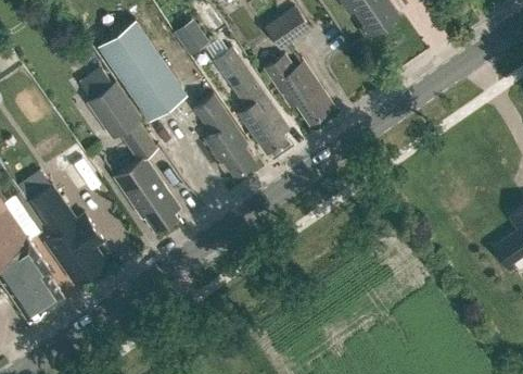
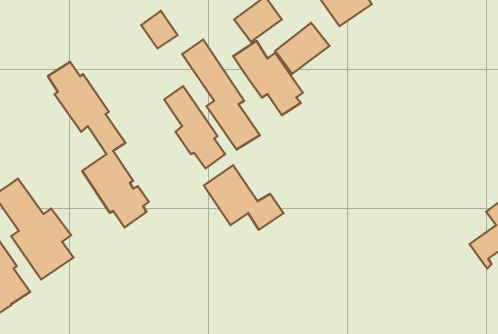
building: [100,22,188,121] -> none
building: none -> [275,23,330,74]
building: none -> [204,165,284,230]

